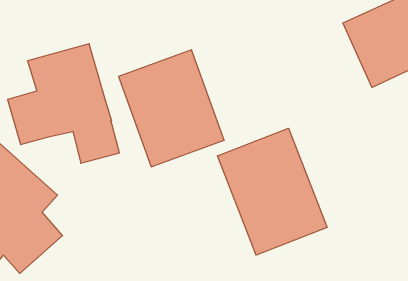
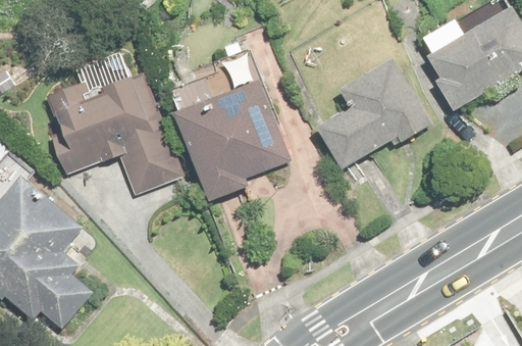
building: none -> [313,63,437,170]
building: [217,128,327,255] -> none

